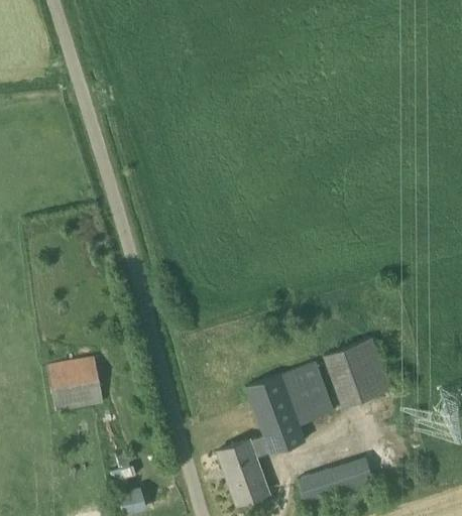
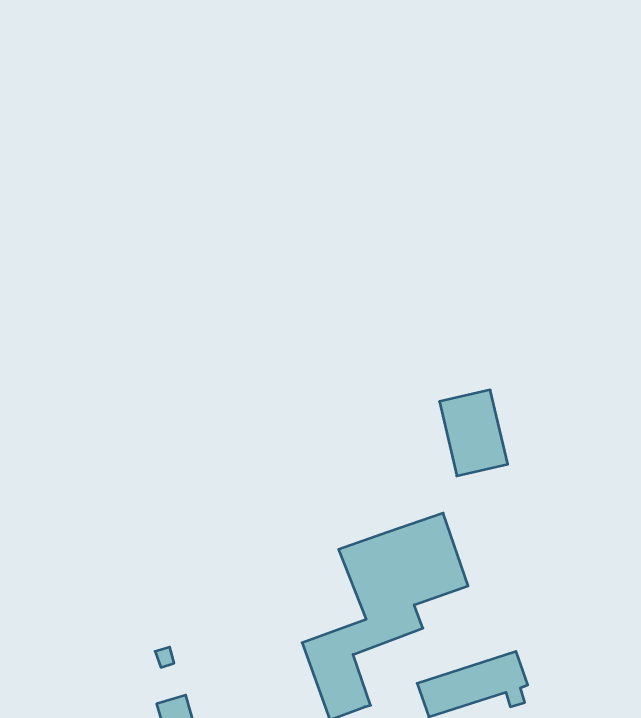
building: [337,337,384,396] -> [439,390,508,476]
building: [46,358,103,412] -> none

